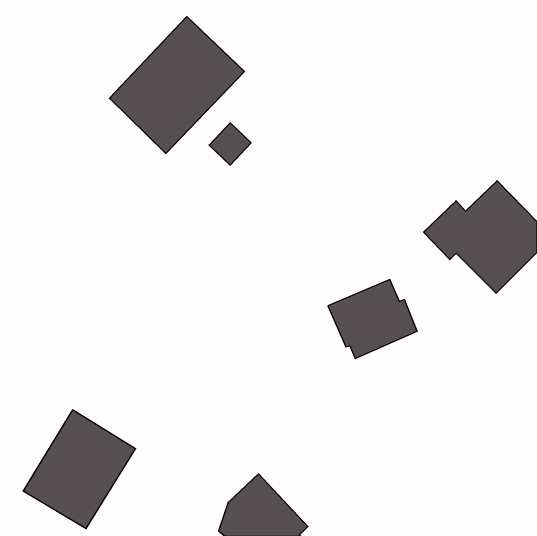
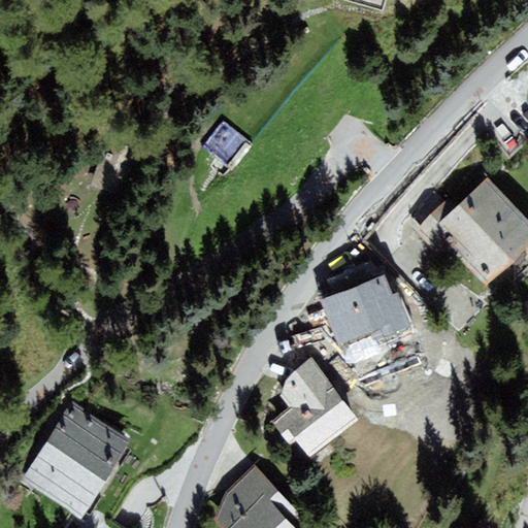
building: [109,17,244,153] -> none
building: none -> [270,359,359,460]

